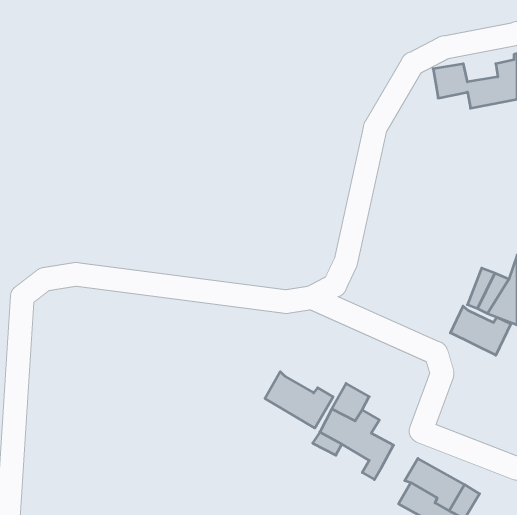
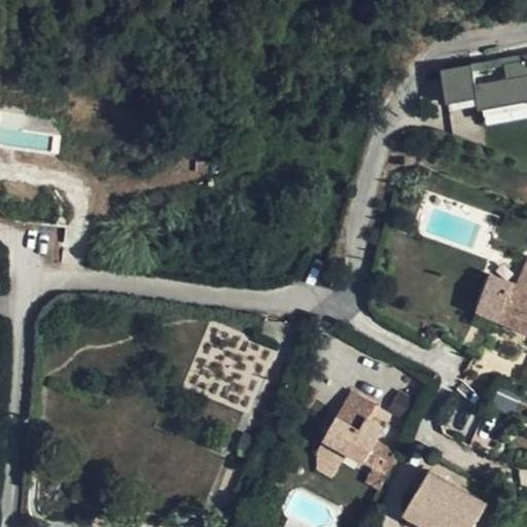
building: [450,306,511,355] -> none
building: [265,372,333,428] -> none

